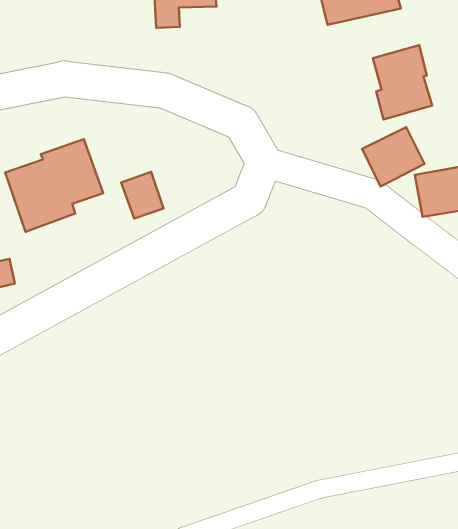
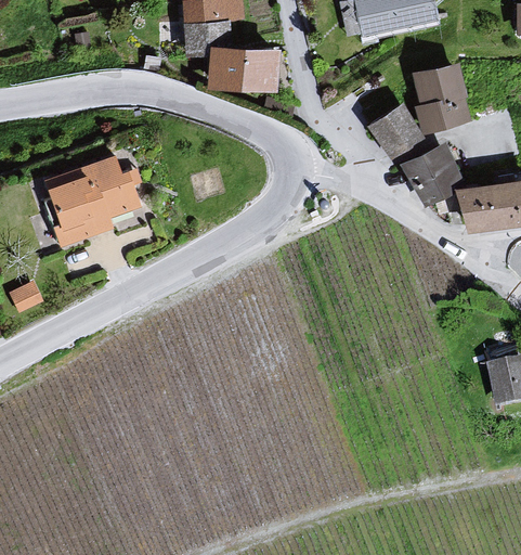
building: none -> [204,46,277,94]
building: none -> [363,103,426,166]
building: [121,172,164,219] -> none

